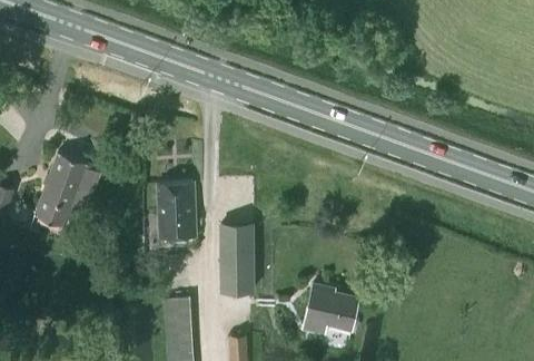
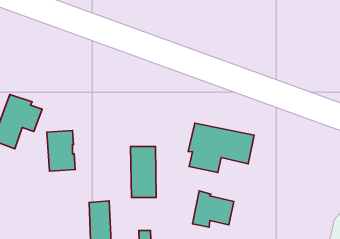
building: [160,183,198,237] -> [47,131,75,171]
building: none -> [188,123,254,172]

